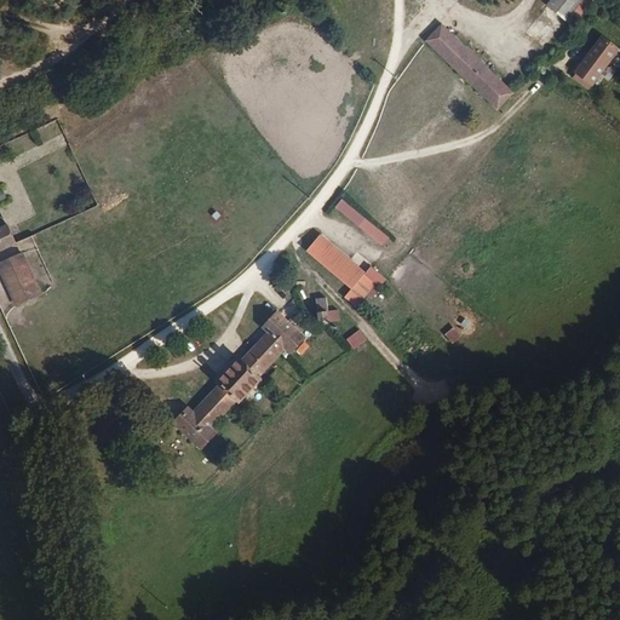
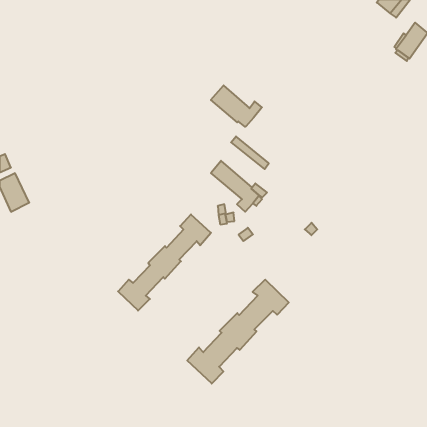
building: [424,23,513,109] -> none
building: none -> [211,85,262,127]
building: none -> [187,280,289,384]

